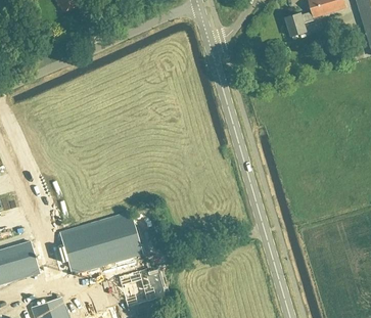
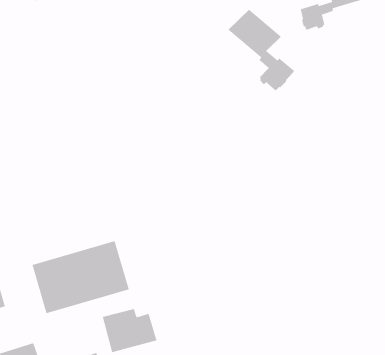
building: none -> [228,9,295,91]

